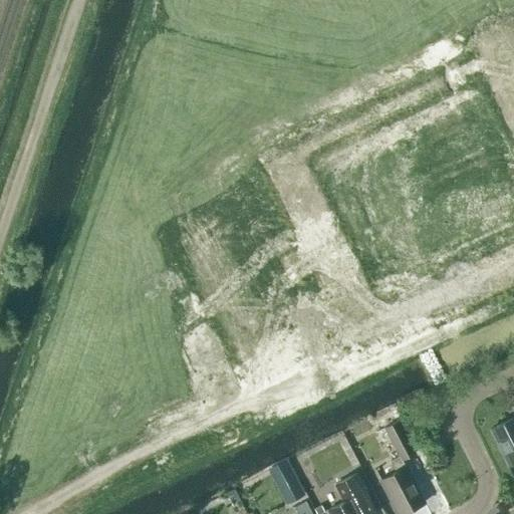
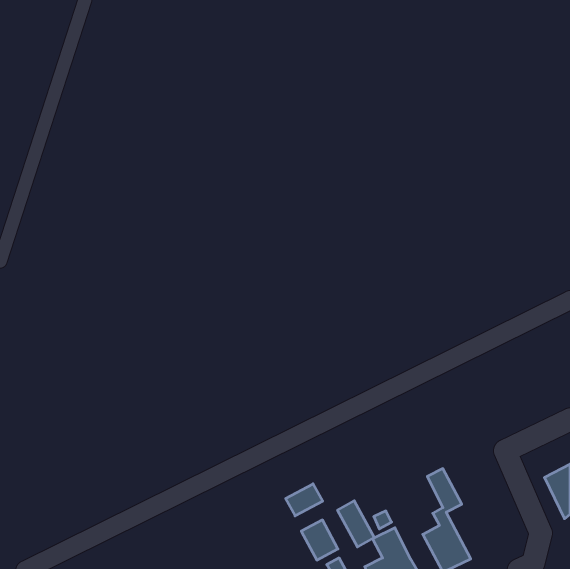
building: none -> [286,484,323,516]
building: none -> [338,501,374,547]

